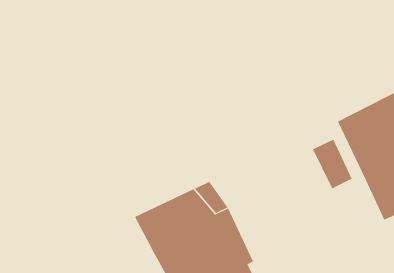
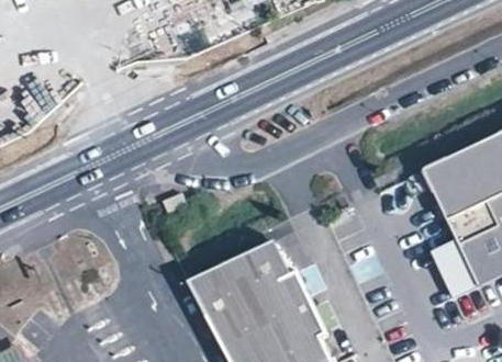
building: [312,139,353,189] -> [431,239,478,298]

